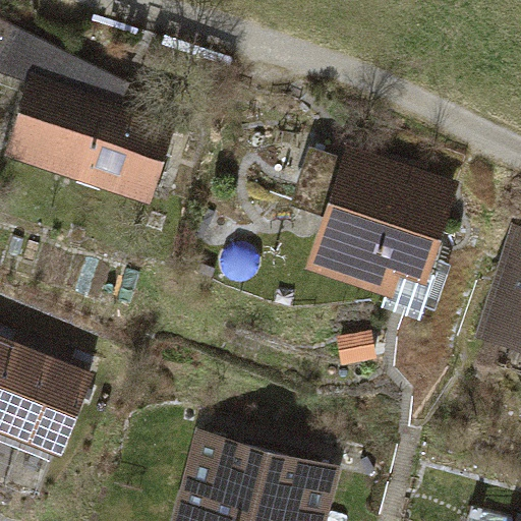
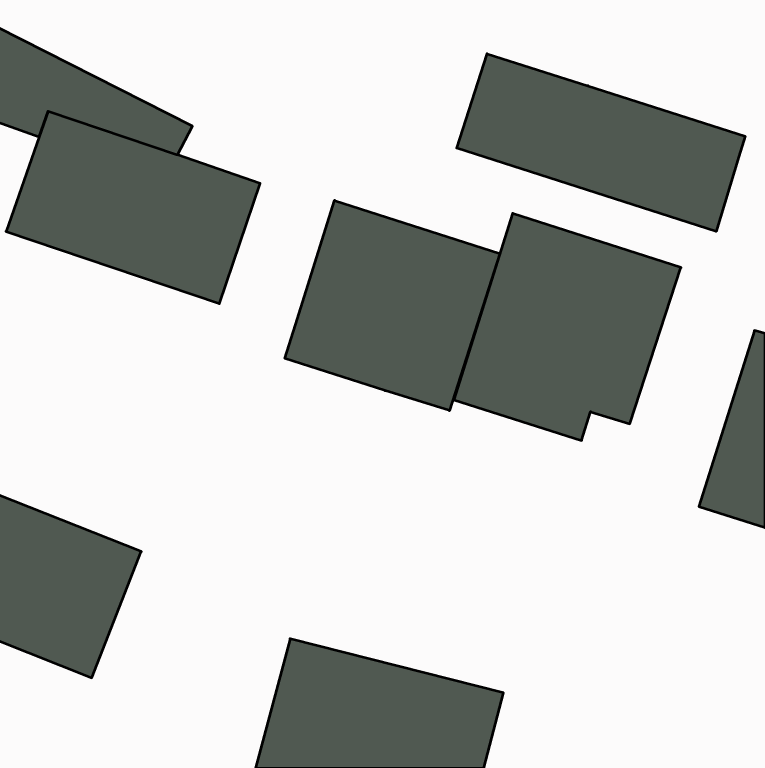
building: none -> [457,54,745,231]
building: none -> [285,200,500,411]

